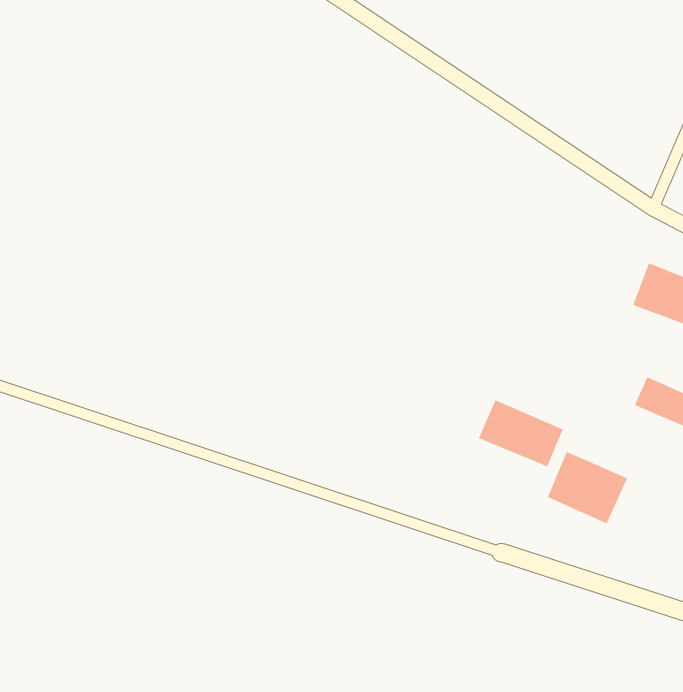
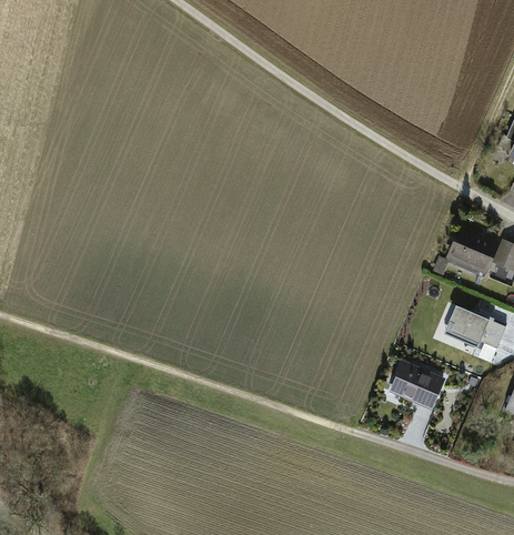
building: [478,400,563,467] -> none

